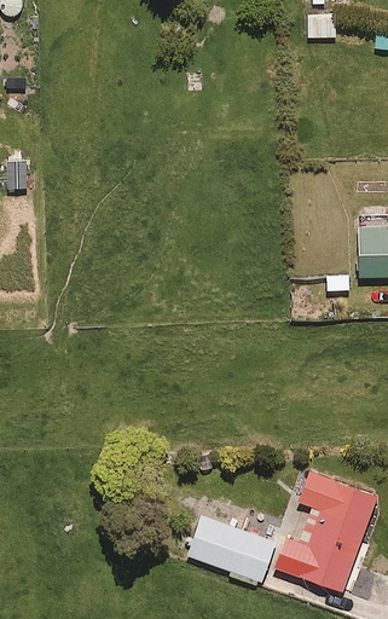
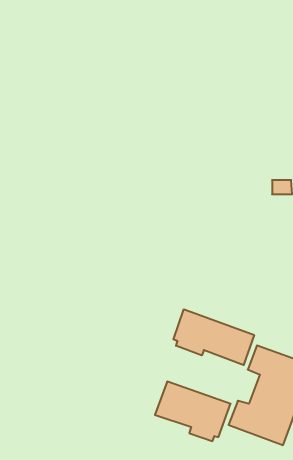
building: none -> [173,309,254,365]

